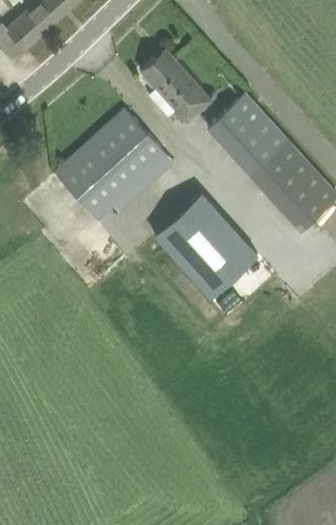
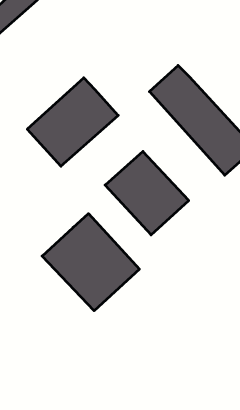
building: [140,47,211,121] -> none
building: none -> [42,214,139,311]

